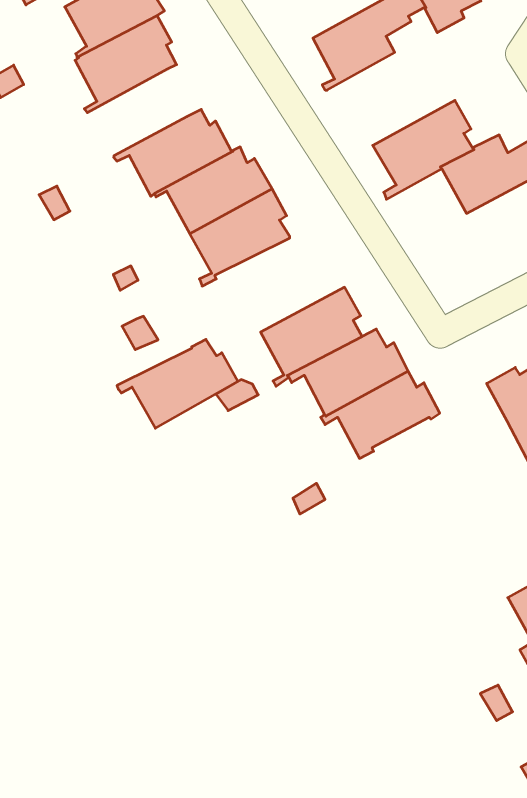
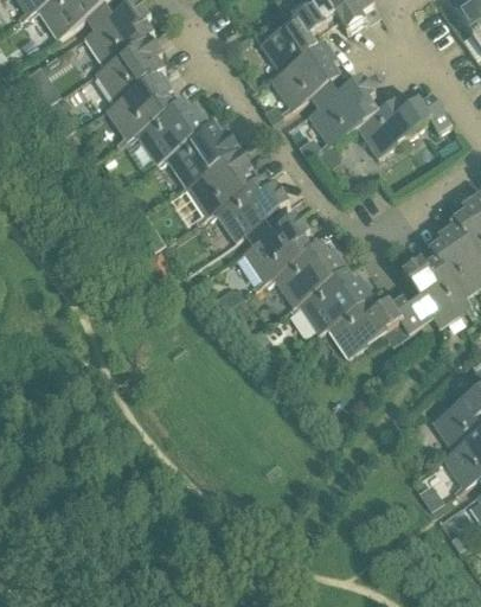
building: none -> [268,39,340,113]
building: none -> [104,71,175,143]
building: [117,339,238,428] -> [205,174,289,239]
building: none -> [326,293,421,354]

